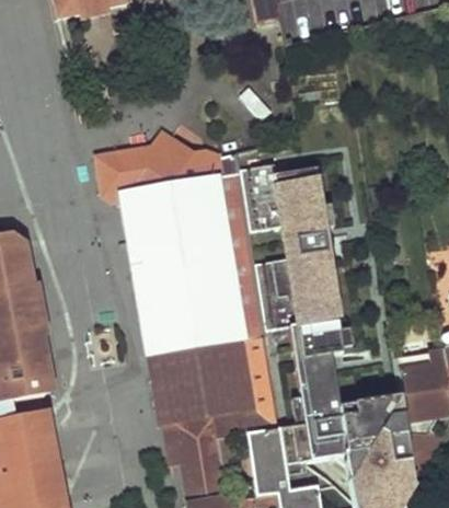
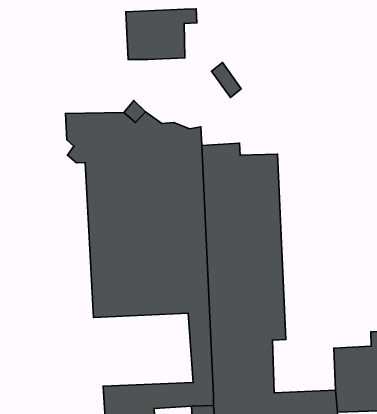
building: none -> [126,9,197,59]
building: [148,342,255,426] -> none

